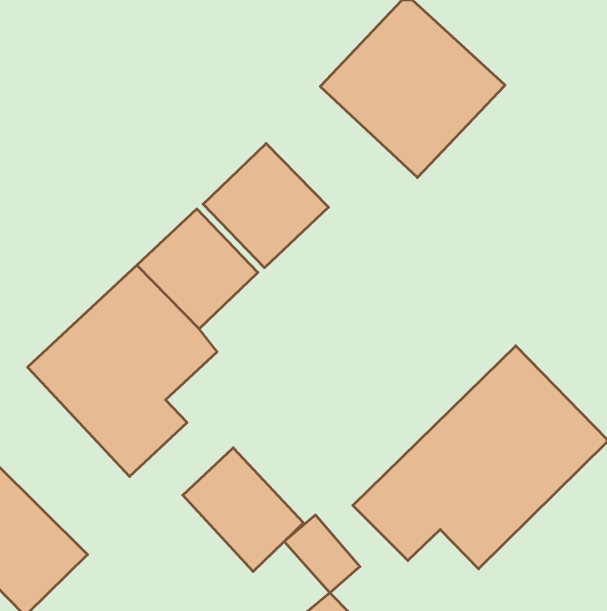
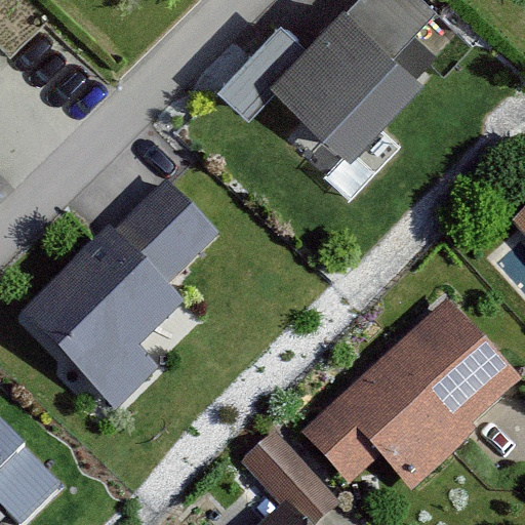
building: [203,143,329,268] -> none
building: [183,448,303,572] -> none

